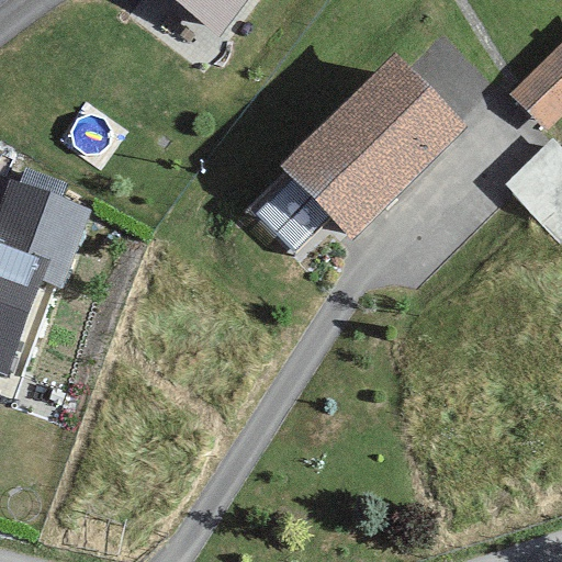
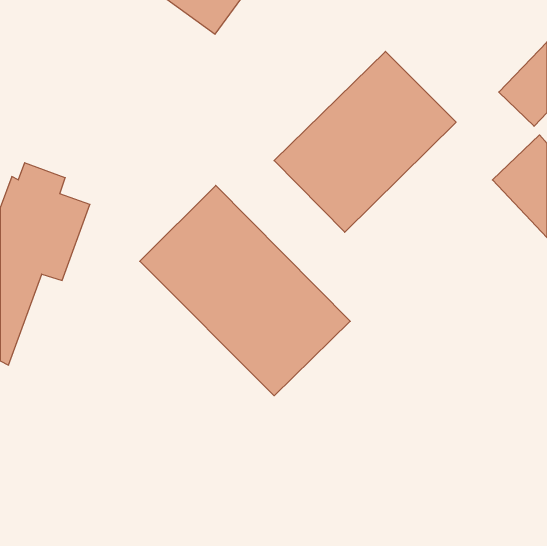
building: none -> [140,185,350,396]

